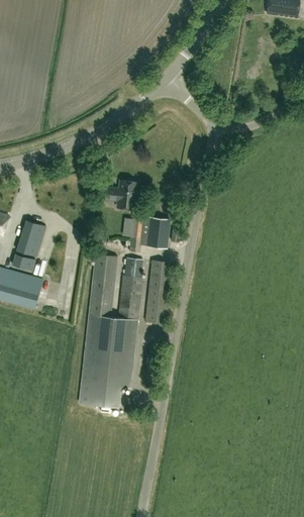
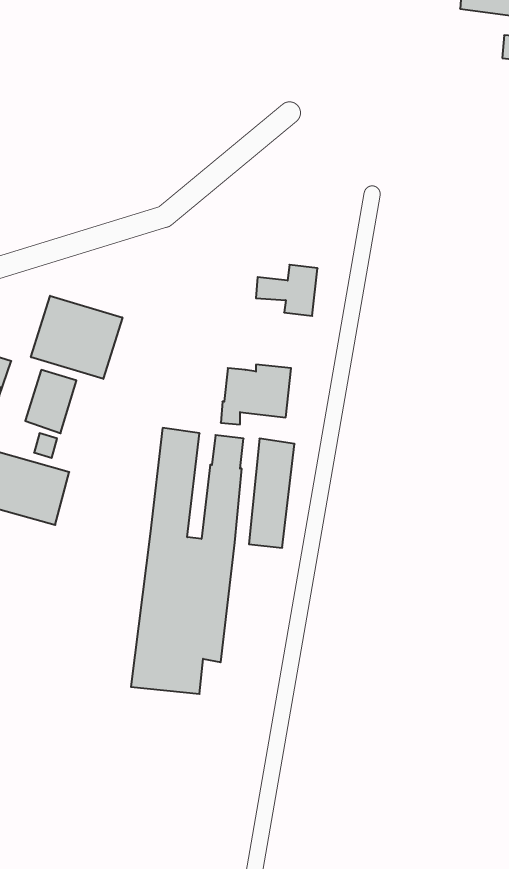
building: none -> [31,296,122,379]
building: [101,180,136,209] -> [256,265,318,316]

